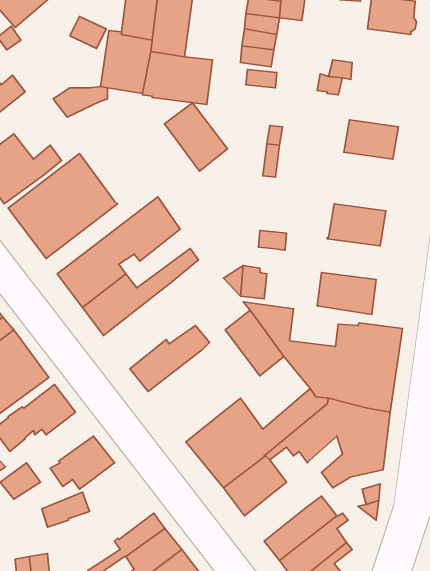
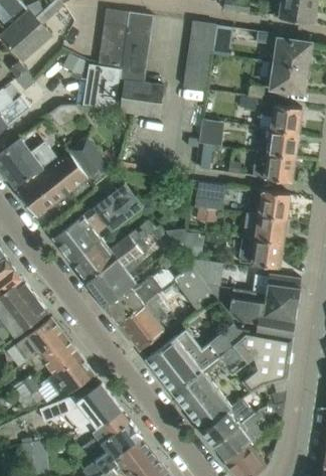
building: none -> [268,61,308,99]
building: none -> [261,102,301,133]
building: [165,103,228,171] -> [68,137,114,186]
building: none -> [253,151,294,181]
building: none -> [194,181,225,208]
building: none -> [242,213,285,243]
building: none -> [86,244,142,307]
building: none -> [118,293,169,350]
building: none -> [29,338,78,373]
building: none -> [76,383,122,430]
building: none -> [187,388,231,431]

